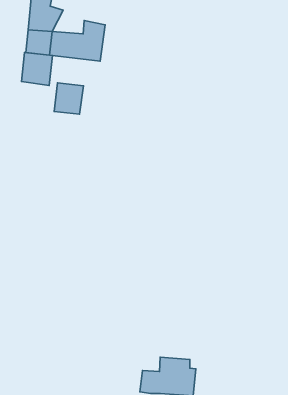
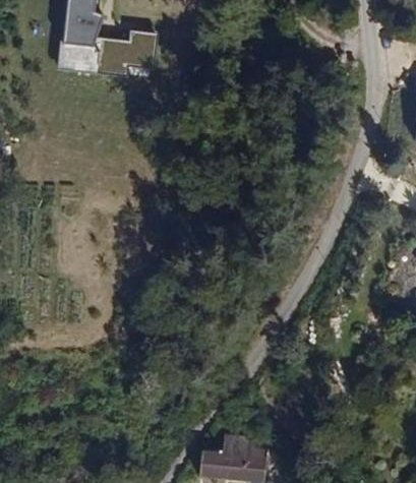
building: [22,52,53,86] -> none
building: [54,83,84,114] -> none

